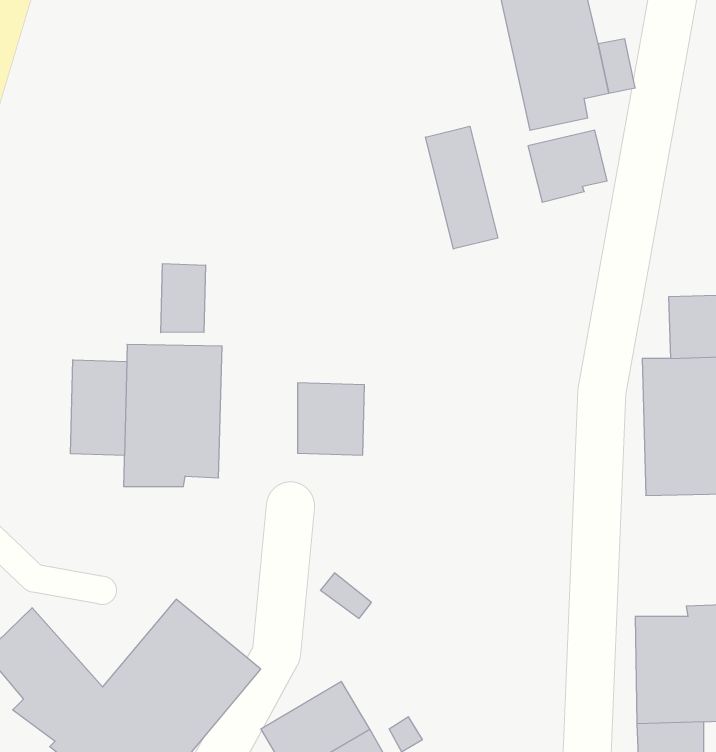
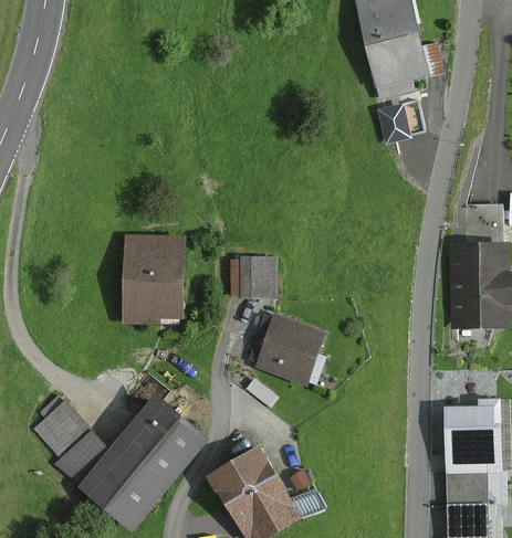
building: [425,126,498,249] -> none
building: [161,264,206,333] -> none
building: [71,360,127,455] -> none
building: none -> [254,314,326,386]

